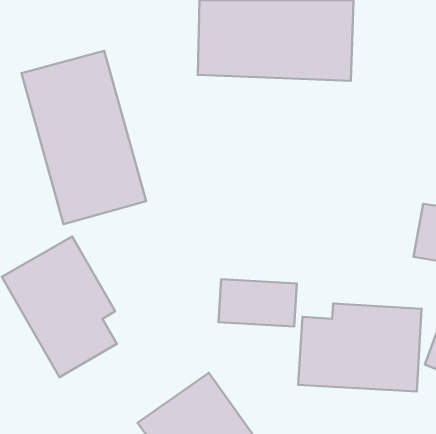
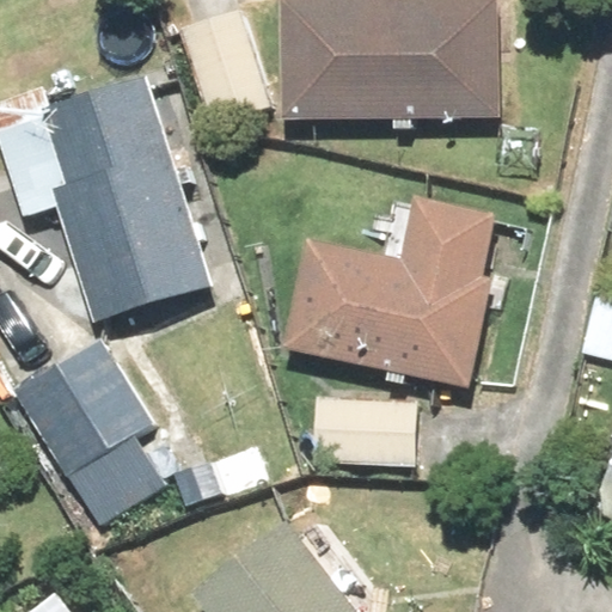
building: none -> [286,196,500,384]
building: [298,304,422,391] -> none

